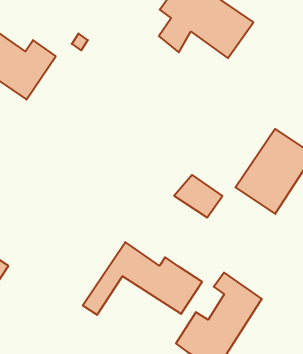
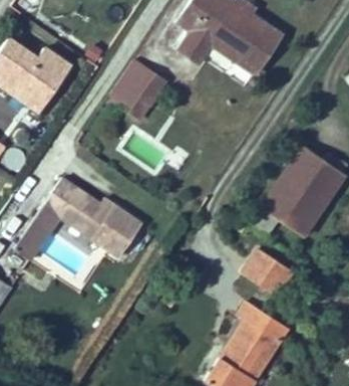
building: none -> [108,59,167,120]
building: [174,175,222,217] -> [244,249,295,295]
building: [83,242,202,315] -> [16,182,142,259]

